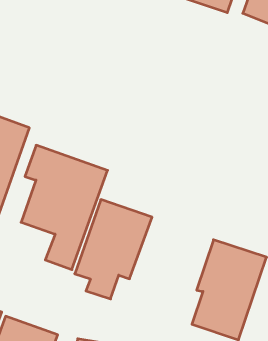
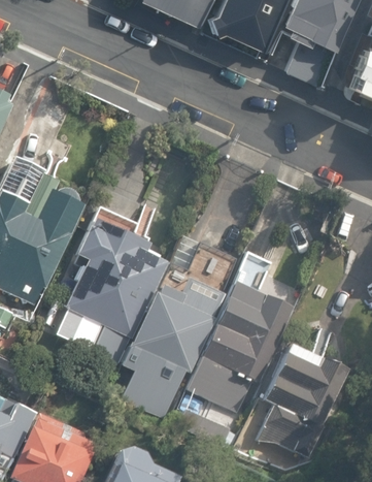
building: none -> [184,282,294,419]

